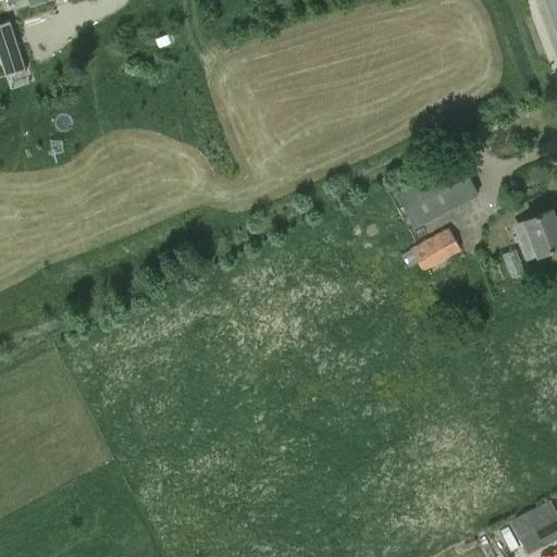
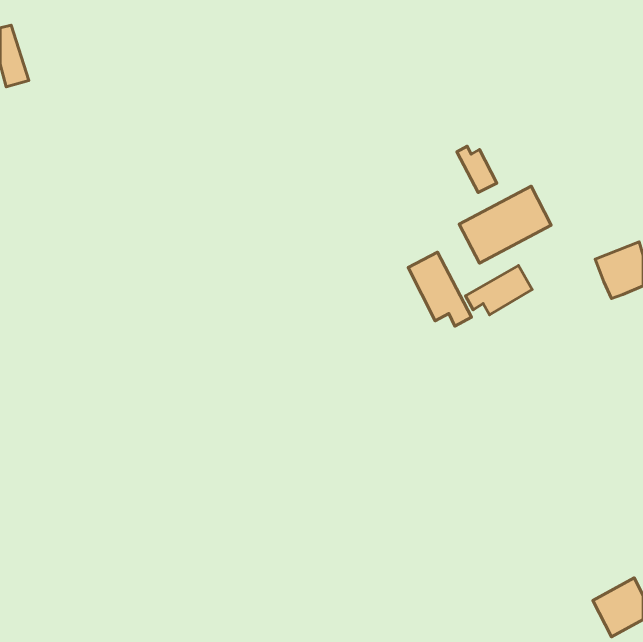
building: none -> [457,146,497,193]
building: none -> [408,252,472,326]

